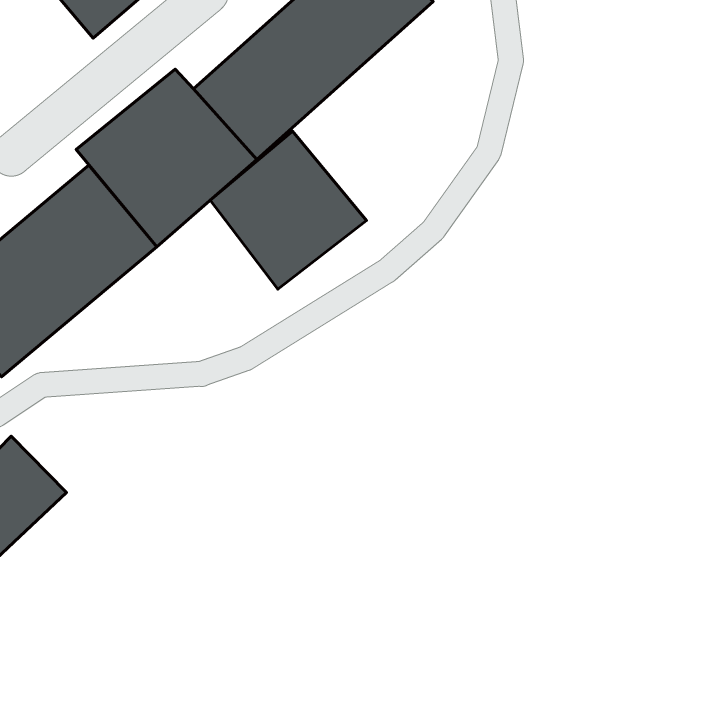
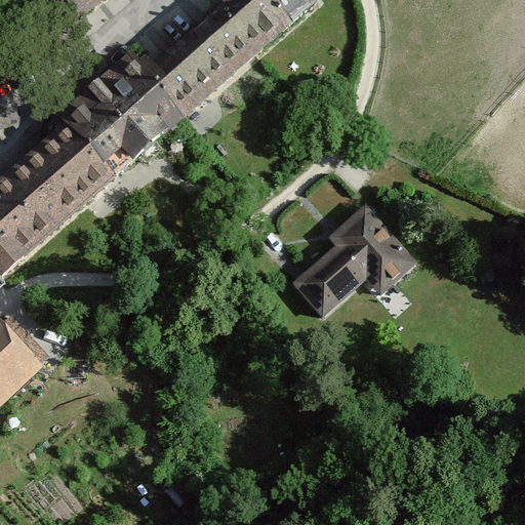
building: [210,131,366,289] -> none
building: none -> [291,202,418,319]

